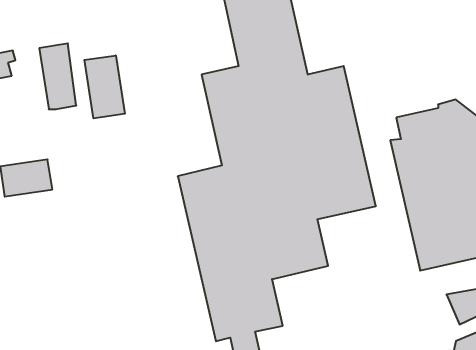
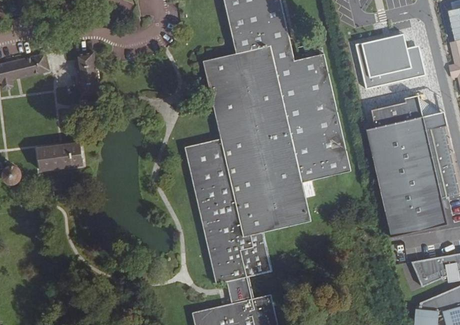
building: none -> [352,29,421,84]
building: [84,55,125,118] -> none

